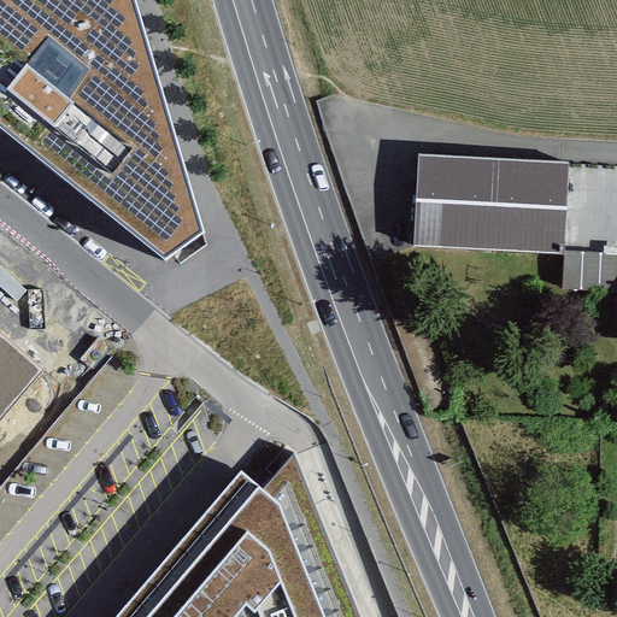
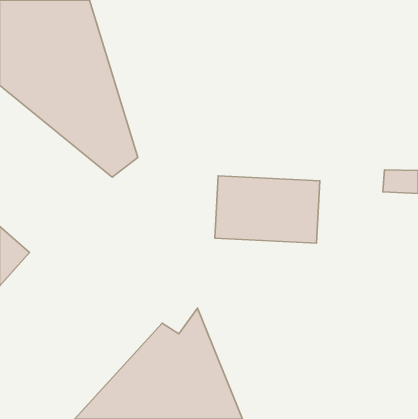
building: [413,154,568,253] -> [215,176,320,243]

